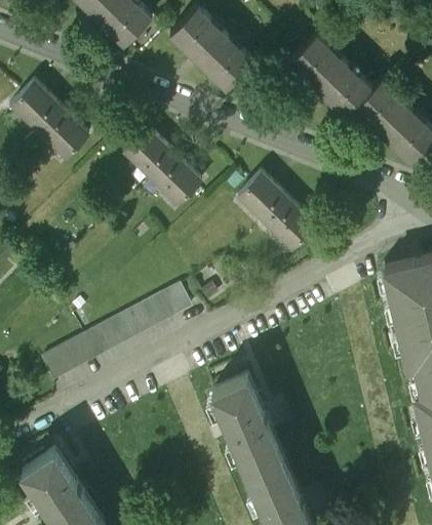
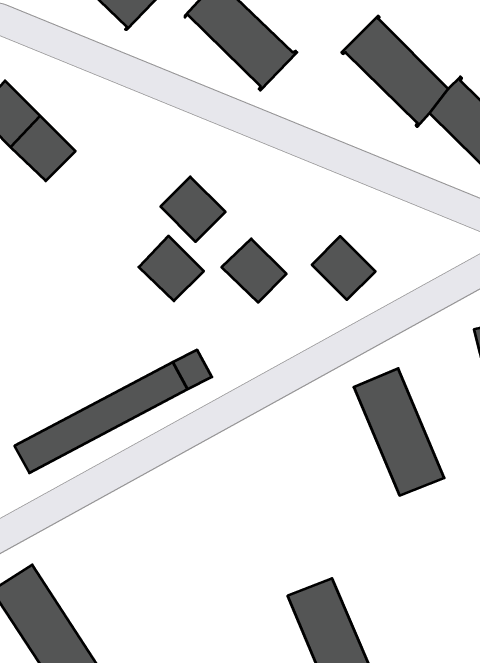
building: [124,127,173,176] -> [139,236,204,301]
building: [238,172,287,220] -> [222,239,286,302]
building: [212,375,281,472] -> [354,368,444,495]

